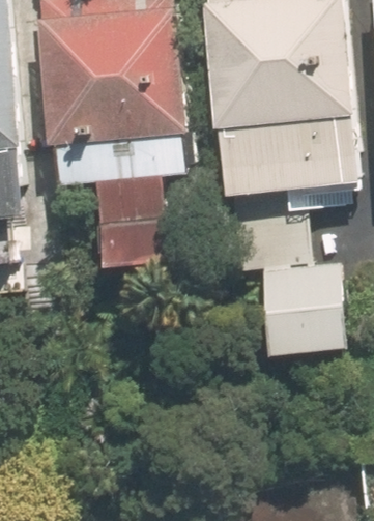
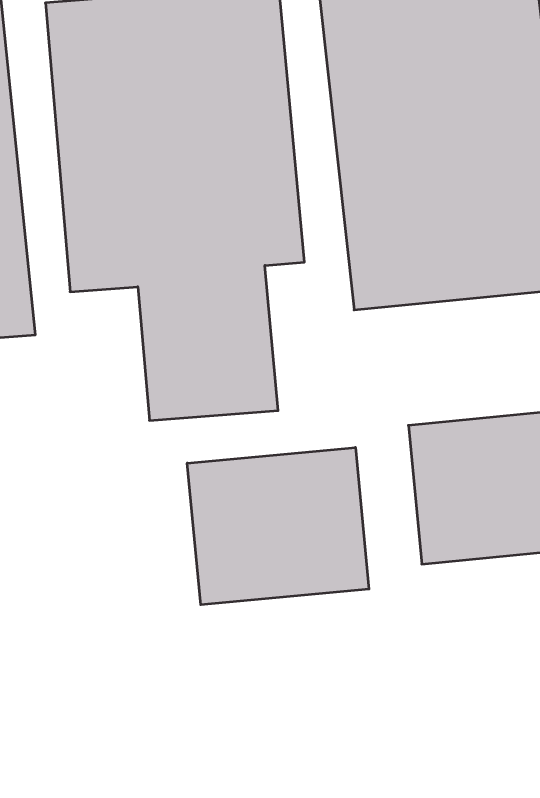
building: none -> [187,447,369,605]

